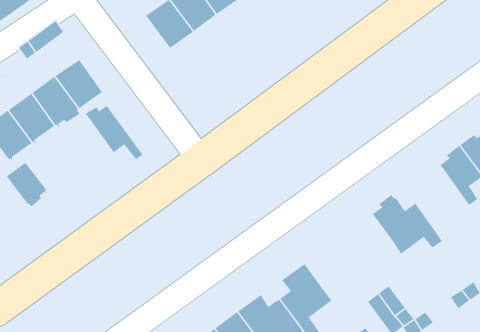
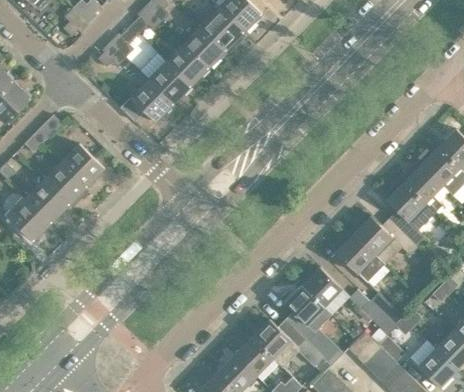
building: [85,105,143,160] -> none
building: [6,162,48,208] -> none
building: none -> [383,182,434,247]
building: none -> [333,234,383,283]
building: none -> [302,268,341,307]

